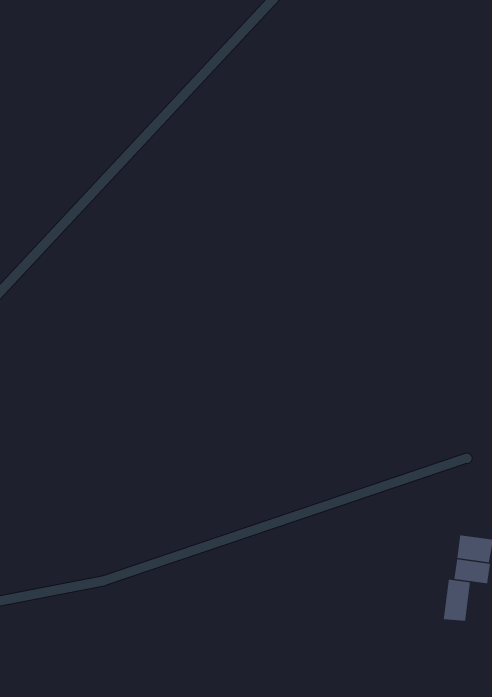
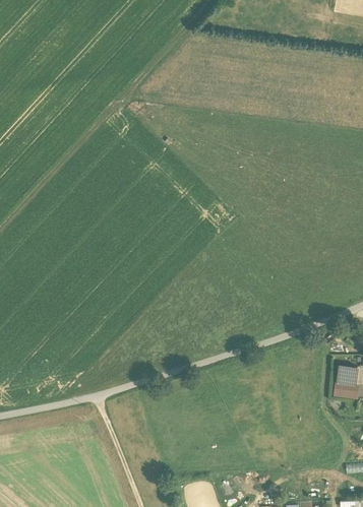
building: [443,579,471,621] -> none

